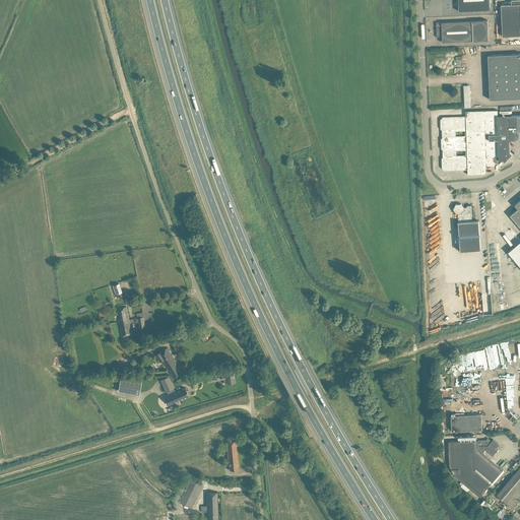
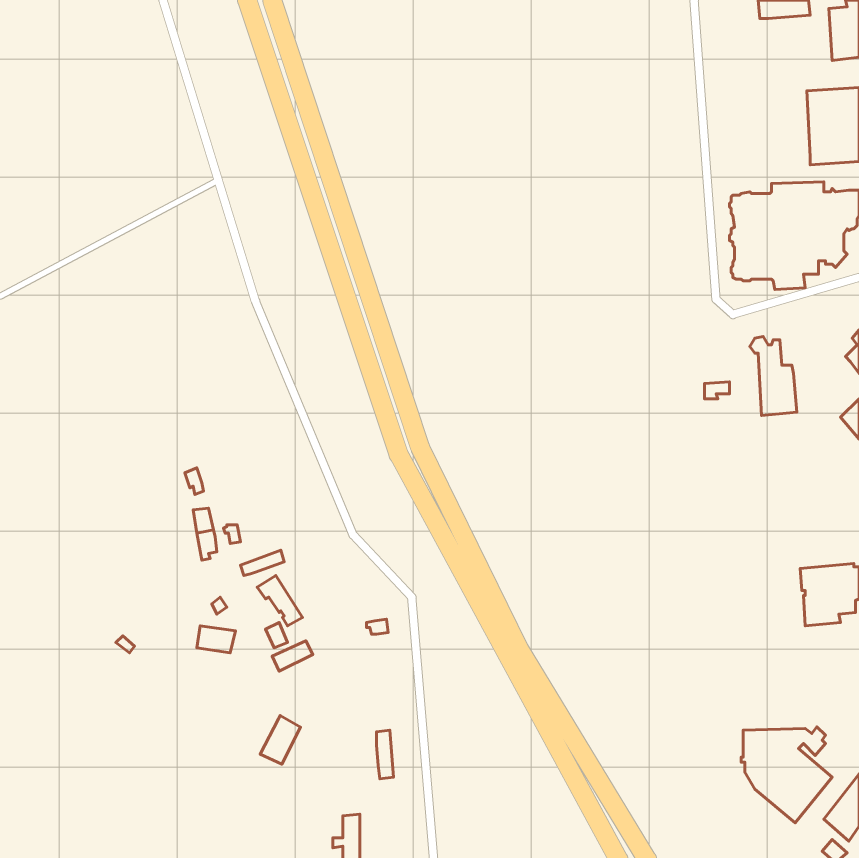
building: [437,21,489,44] -> none
building: [451,415,482,432] -> none
building: [178,479,202,509] -> [260,715,300,764]

